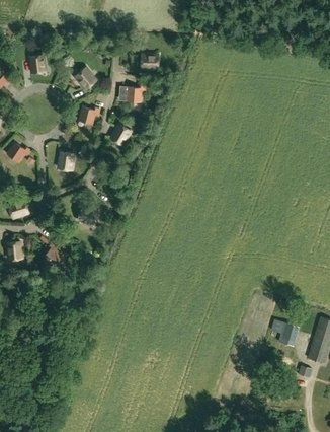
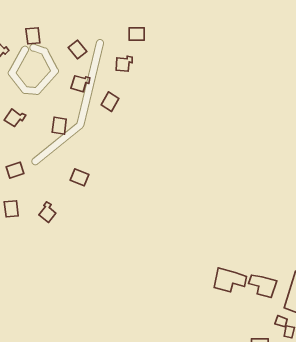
building: none -> [214,268,247,292]

